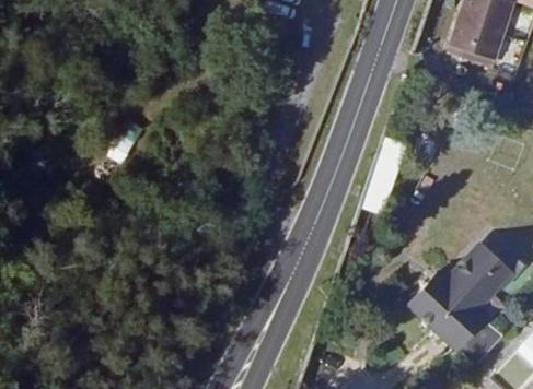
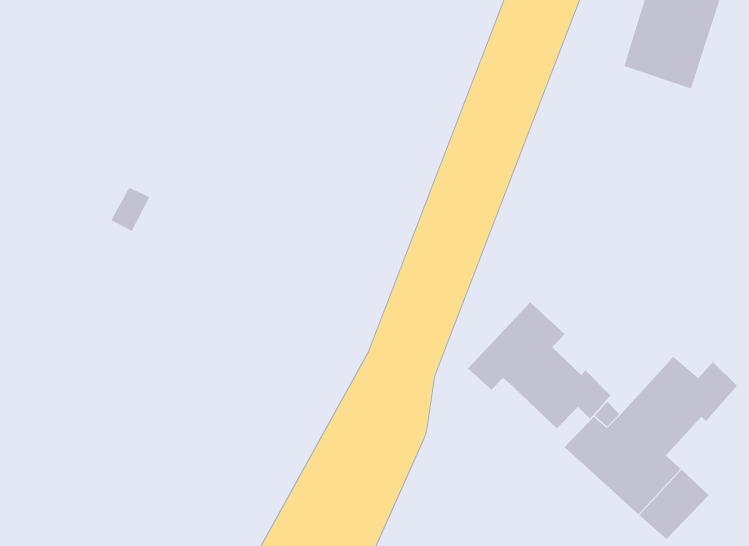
building: none -> [467,301,611,429]

